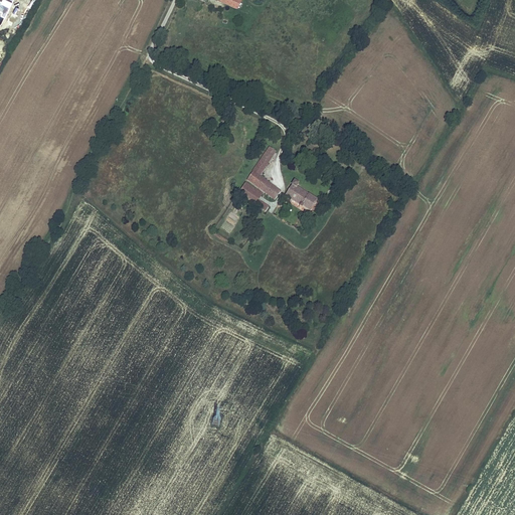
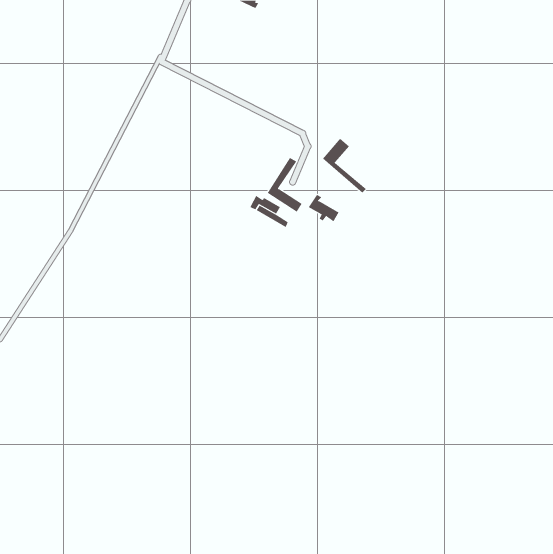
building: none -> [322,138,367,194]

